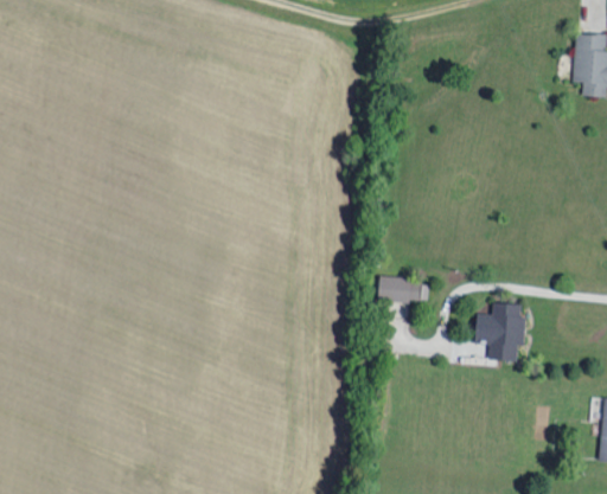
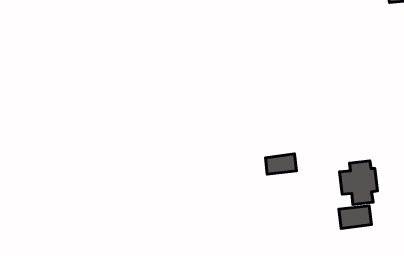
building: none -> [339,206,371,228]

